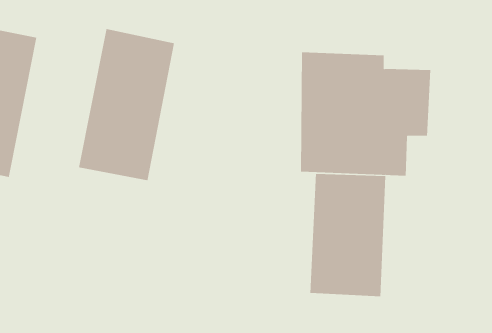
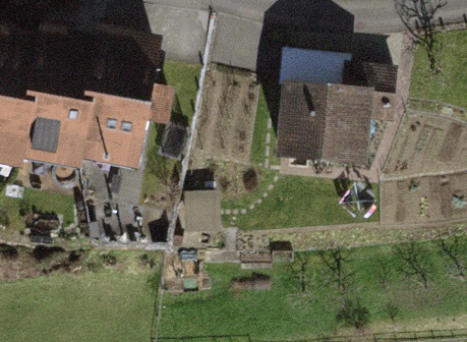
building: none -> [15,27,100,169]
building: [310,173,386,297] -> none

